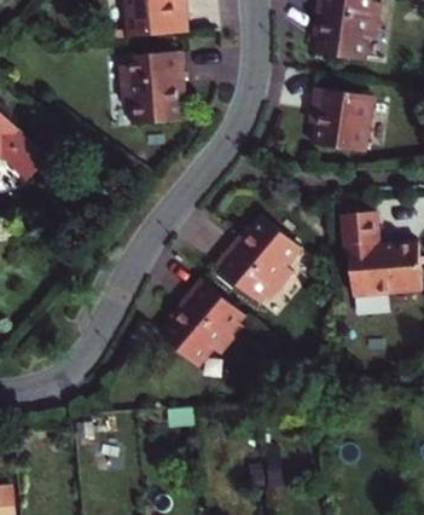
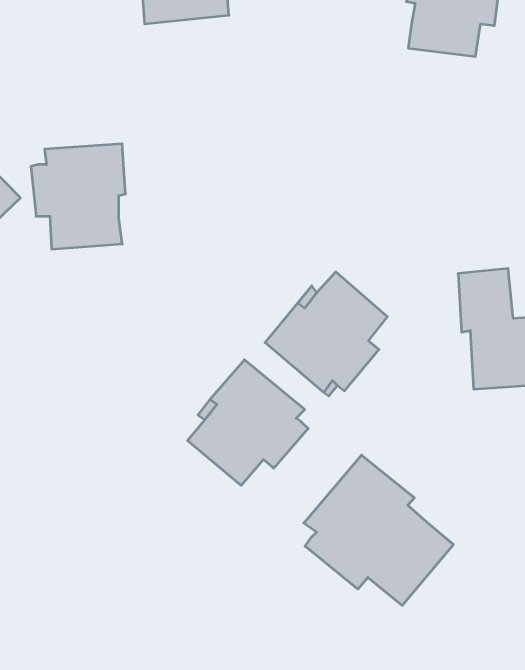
building: [121,54,187,128] -> [31,144,126,249]
building: [309,88,373,155] -> none
building: none -> [304,455,453,605]

